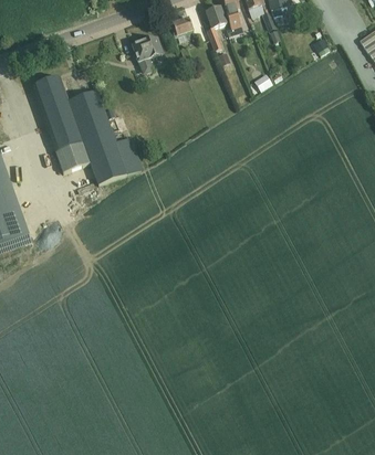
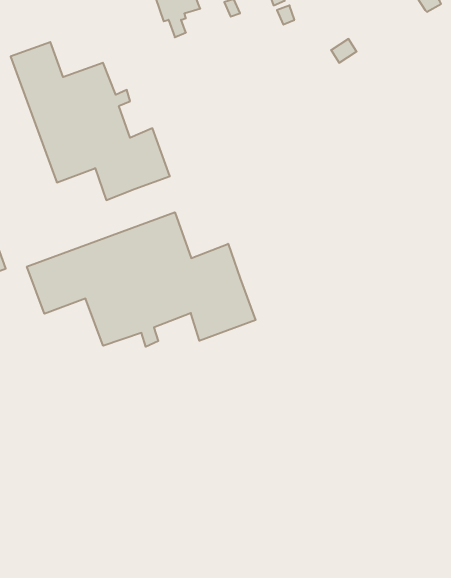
building: none -> [27,212,256,347]

